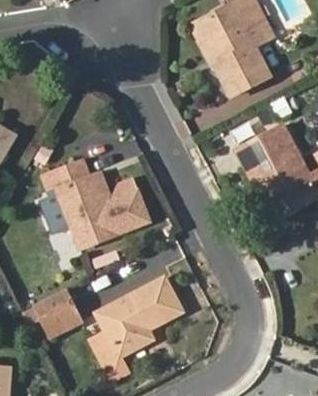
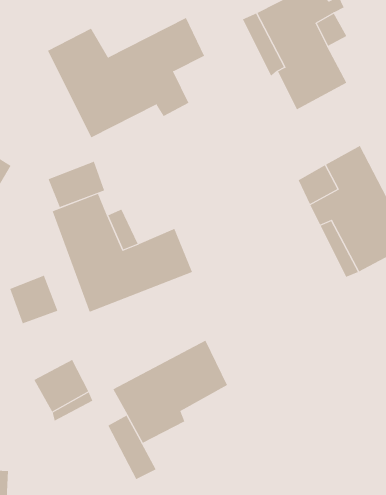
building: none -> [47,17,205,138]
building: none -> [48,161,105,208]
building: none -> [9,275,58,324]

